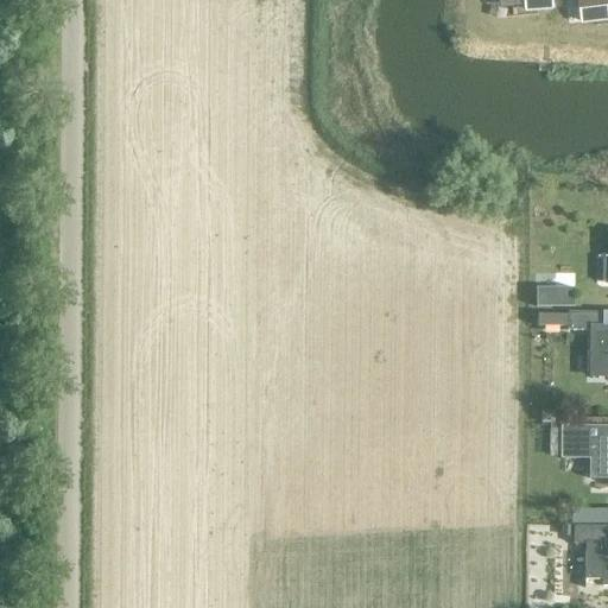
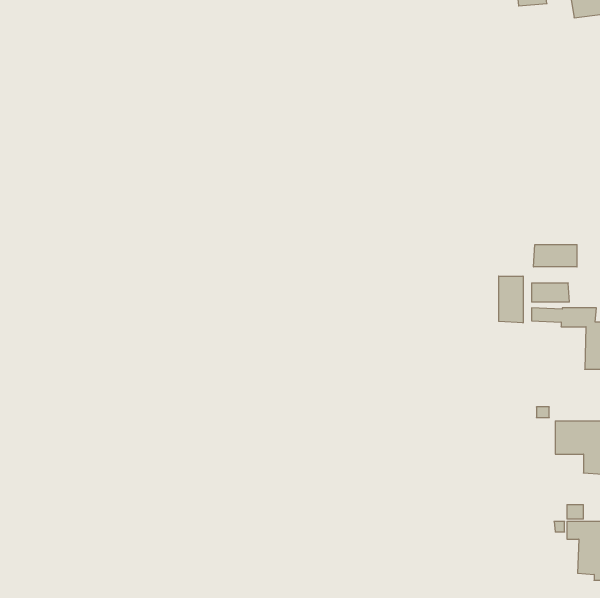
building: none -> [534,245,577,267]
building: none -> [499,276,523,323]

